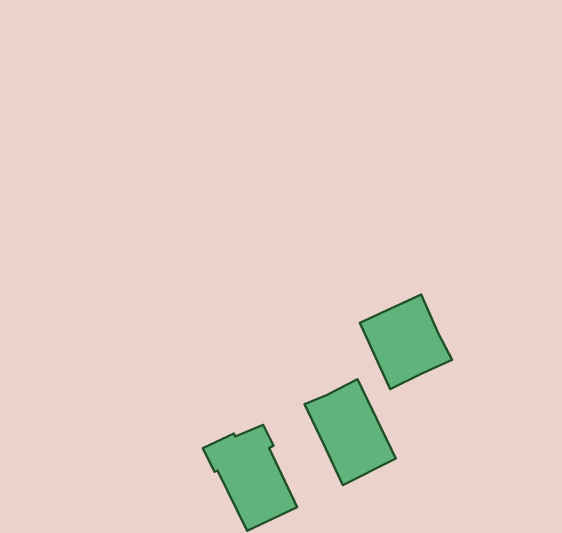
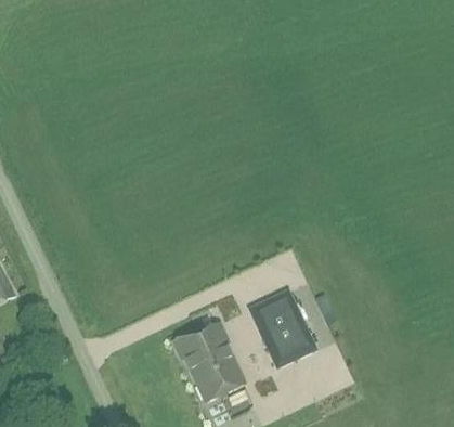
building: [360,294,452,389] -> none

